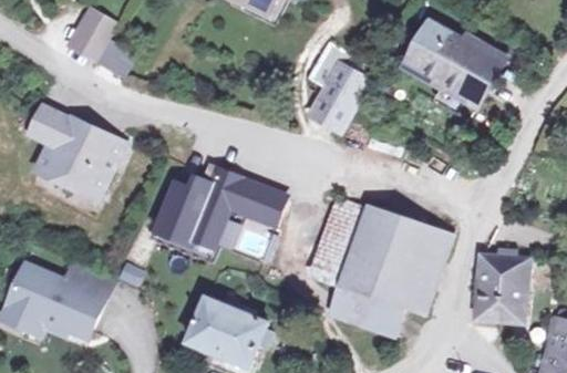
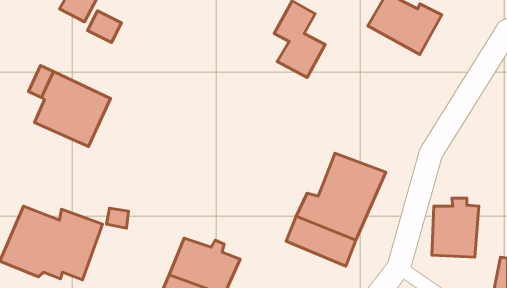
building: [403,60,503,112] -> none
building: [150,152,291,265] -> none
building: [308,191,371,273] -> none
building: [395,225,451,310] -> none

